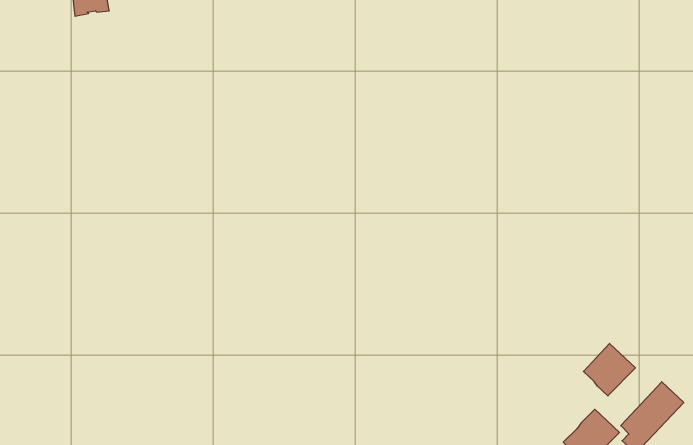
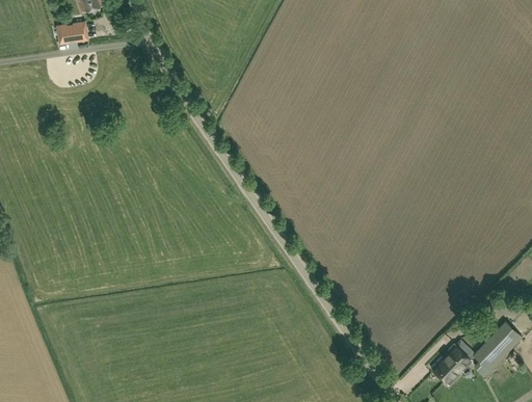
building: [583,343,635,396] -> none

